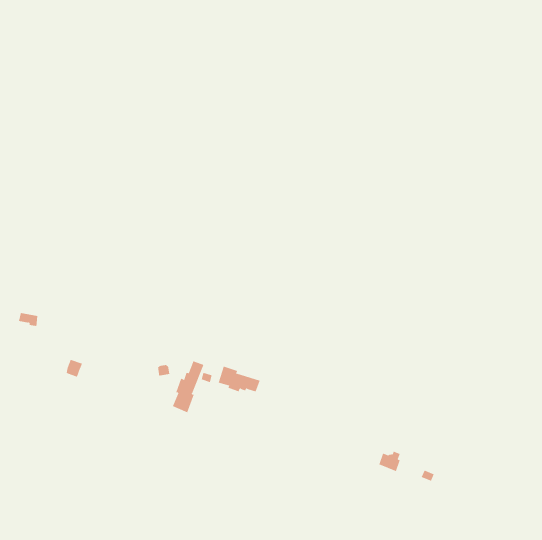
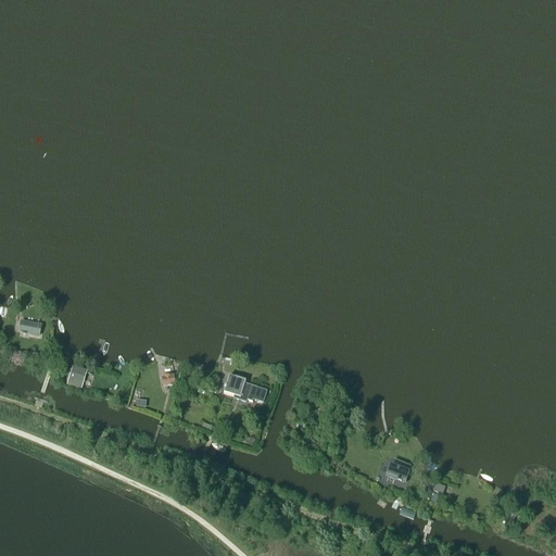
building: [172,360,204,413] -> none

